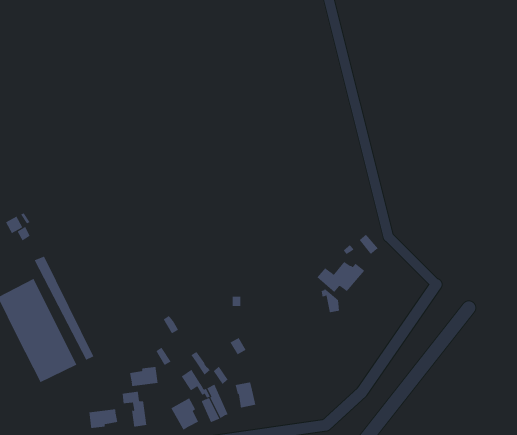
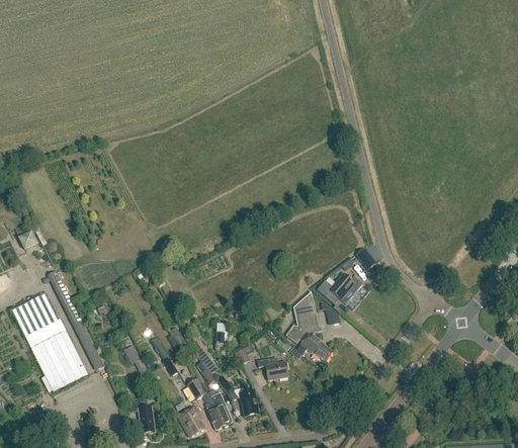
building: none -> [288,292,334,363]
building: none -> [256,357,287,381]
building: [130,366,158,387] -> none
building: [89,409,118,429] -> none

